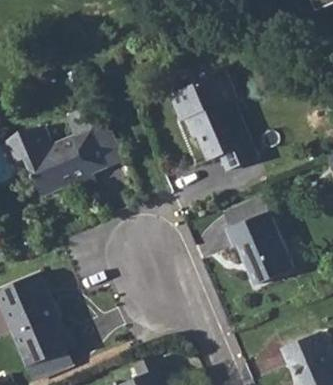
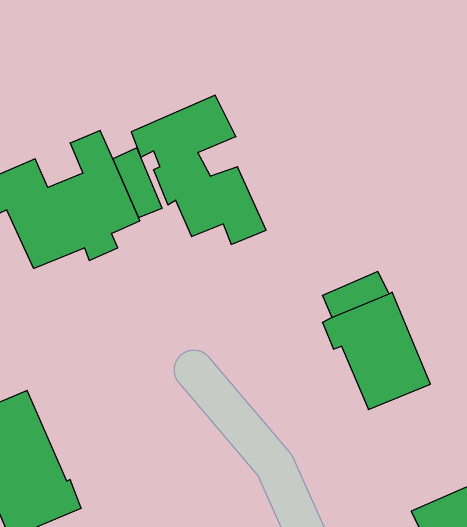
building: [172,78,257,172] -> [131,95,266,244]

